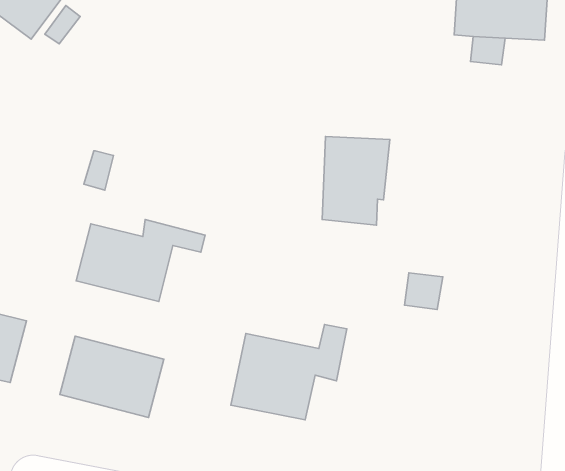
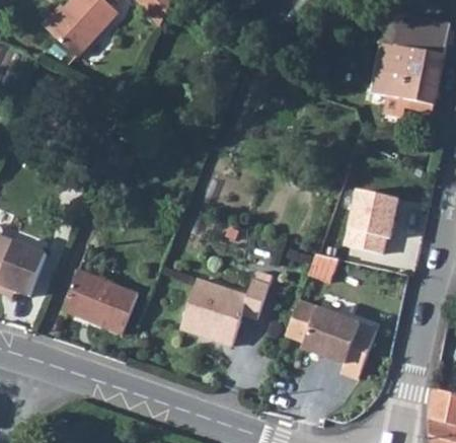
building: [322,136,390,225] -> [349,184,403,251]
building: [76,220,205,302] -> none
building: none -> [286,301,376,378]

